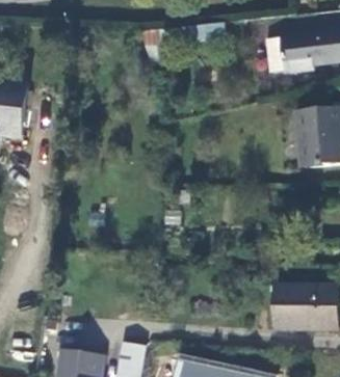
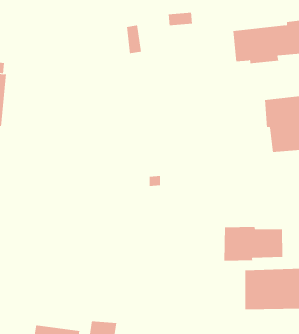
building: none -> [224,226,283,261]

